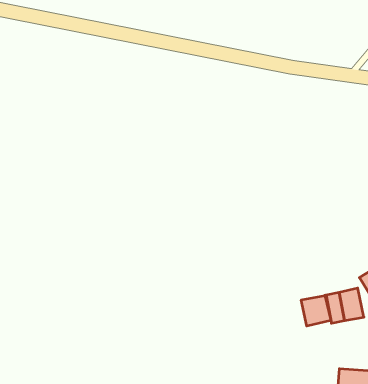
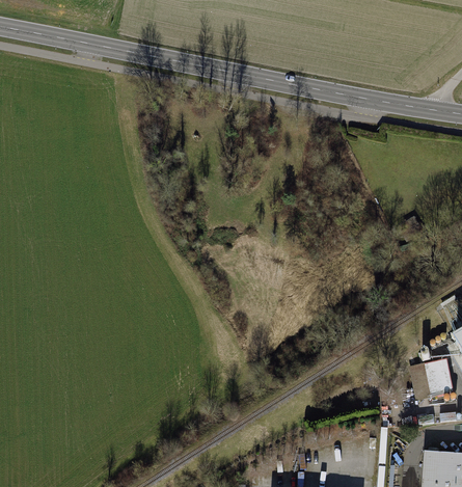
building: [301,295,331,326] -> none

